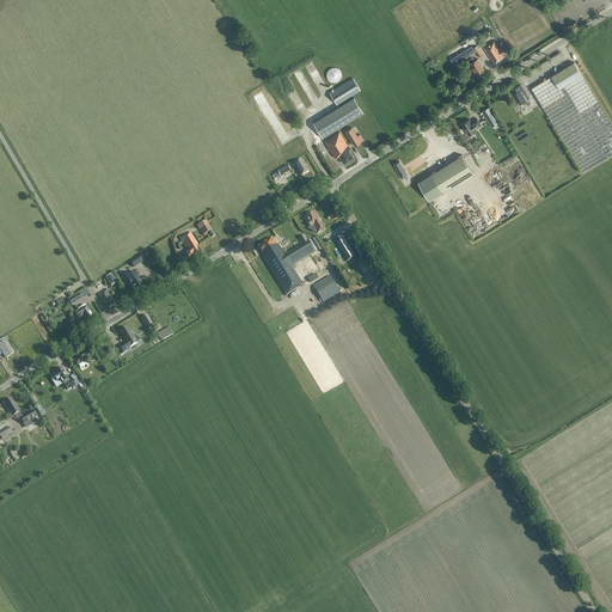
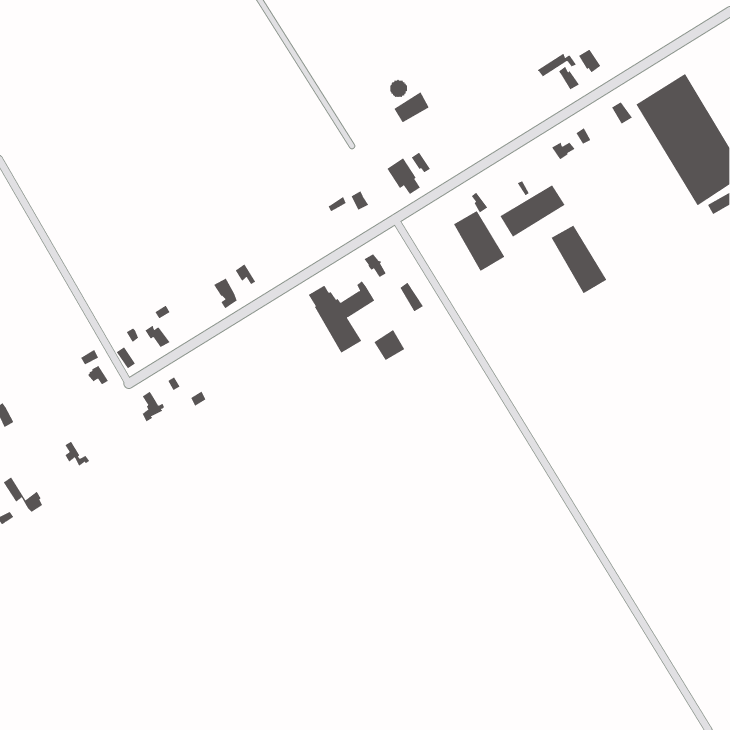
building: [312,97,362,136] -> none
building: none -> [453,210,505,272]
building: none -> [551,225,607,294]

